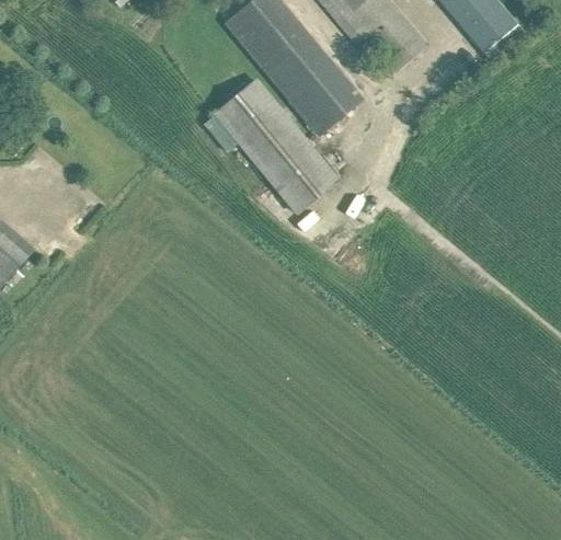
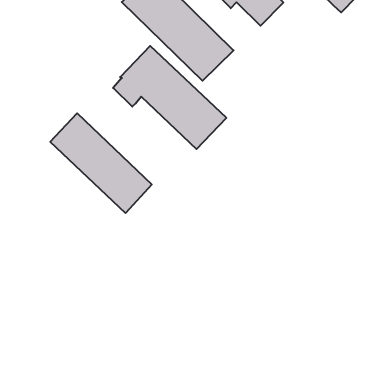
building: none -> [50,113,152,213]

